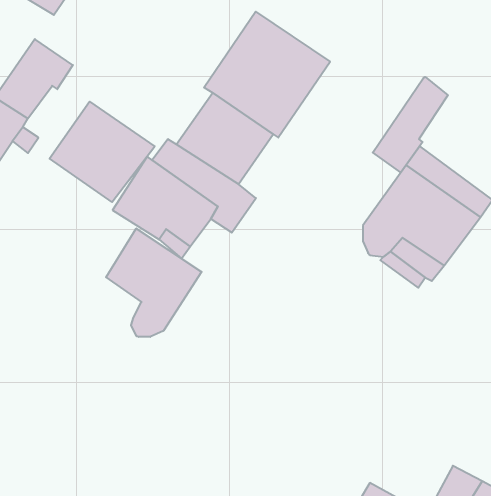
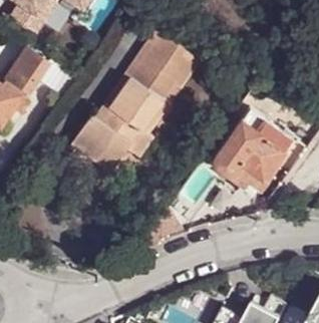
building: [373,77,448,172] -> none
building: [50,102,155,202] -> none
building: [106,228,202,337] -> none

